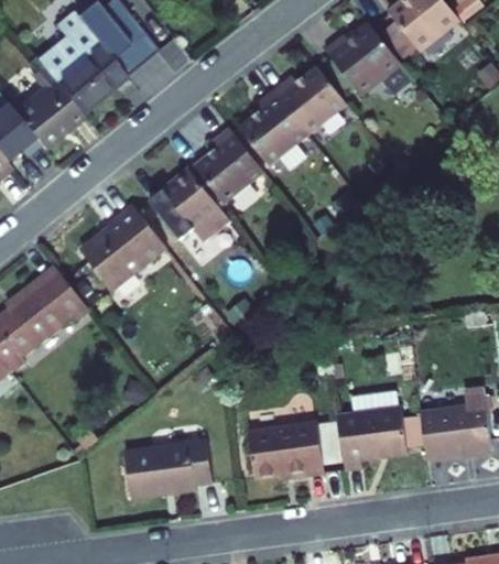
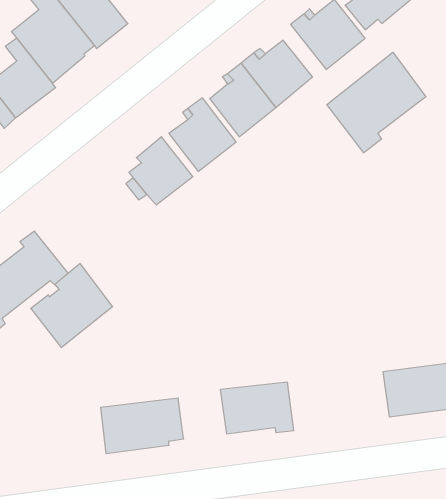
building: none -> [327,52,426,153]
building: [80,200,166,289] -> [31,263,113,347]
building: [339,391,410,473] -> none

